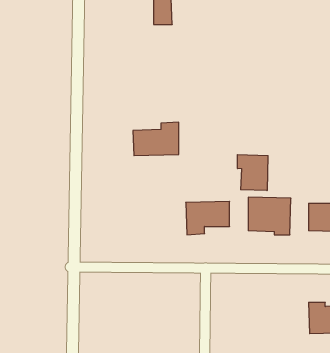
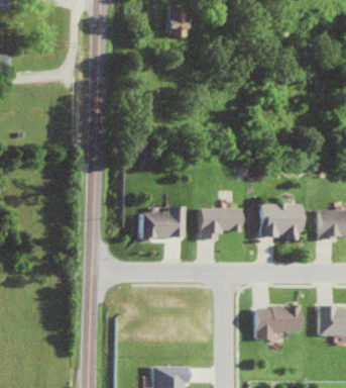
building: [133,122,179,156] -> [139,205,184,237]
building: [238,155,268,191] -> none
building: none -> [255,307,299,340]

